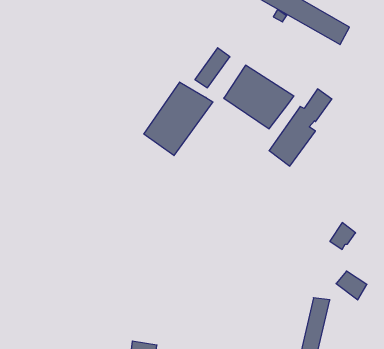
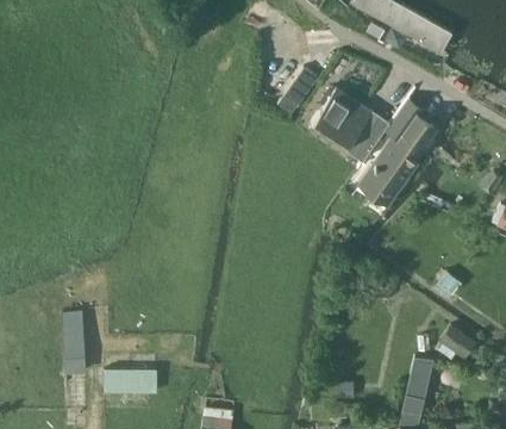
building: [144,82,213,156] -> none
building: none -> [63,309,88,373]
building: none -> [105,368,157,392]

